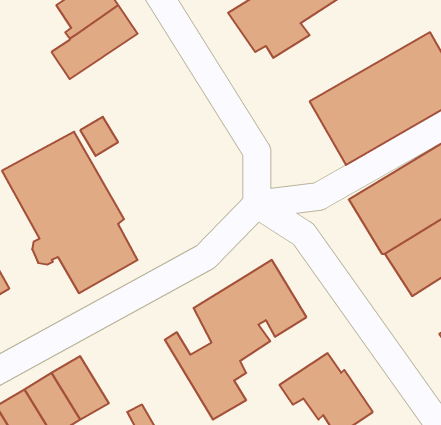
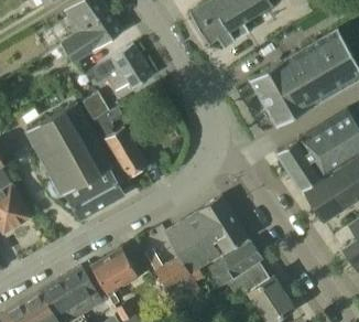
building: none -> [90,44,153,92]
building: none -> [94,108,148,176]
building: none -> [211,240,262,286]
building: none -> [91,248,139,303]

